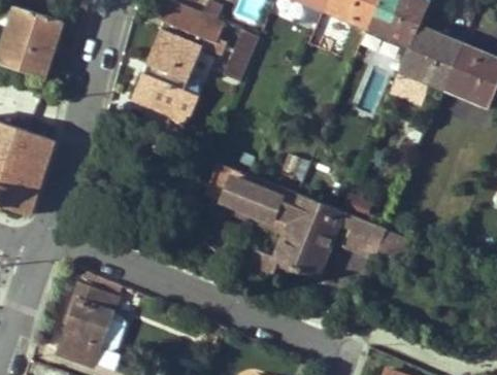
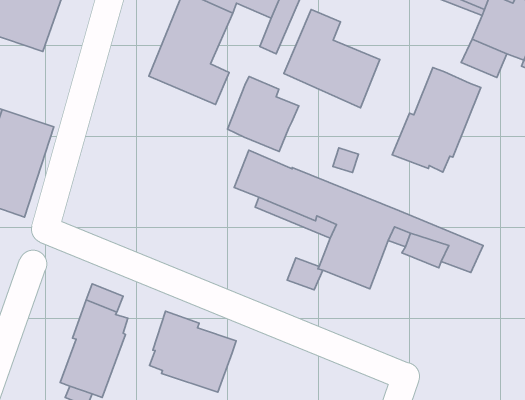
building: none -> [284,9,380,108]
building: none -> [392,67,481,172]
building: none -> [228,77,299,152]
building: none -> [149,311,236,392]

